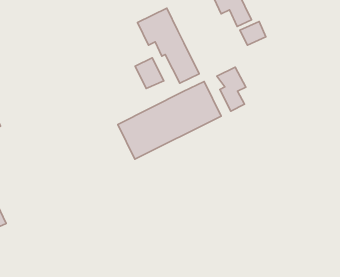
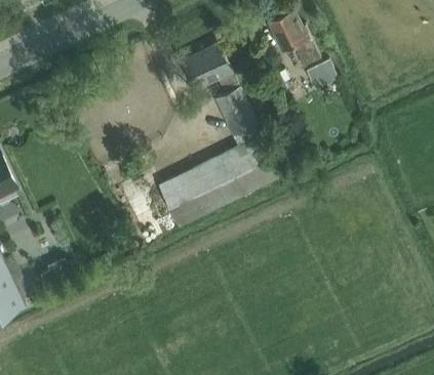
building: [135,58,164,89] -> none
building: [217,67,246,111] -> none

